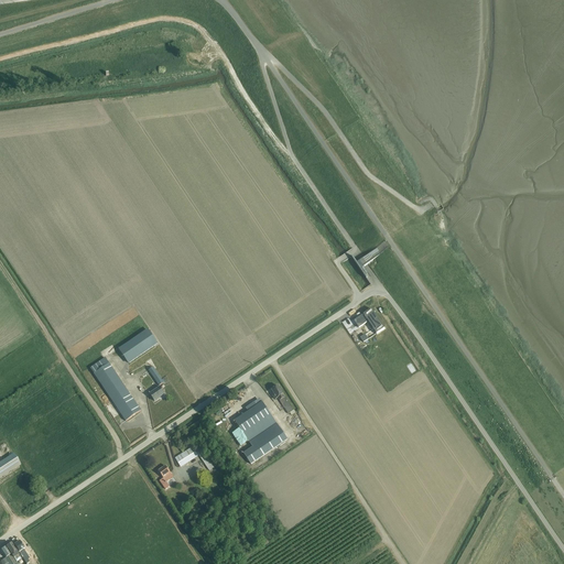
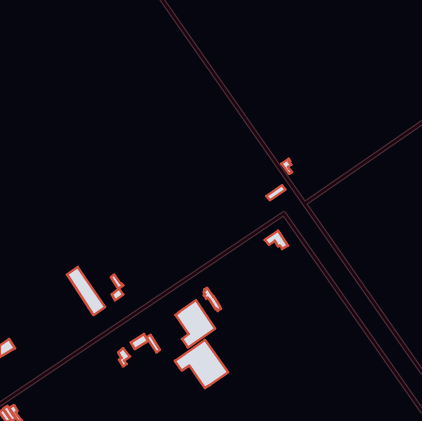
building: [118,327,158,362] -> none
building: none -> [175,340,228,388]

